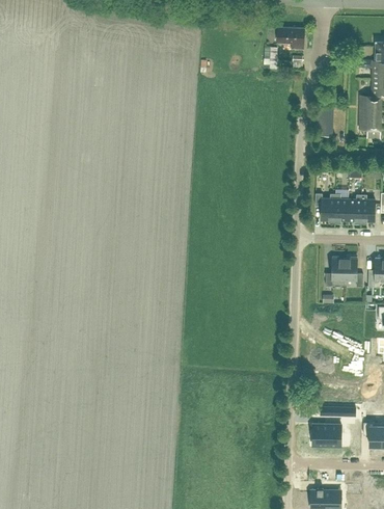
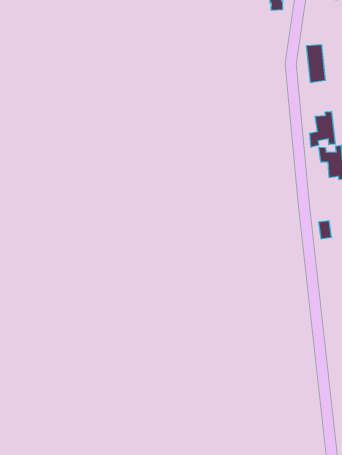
building: none -> [310,111,335,147]

